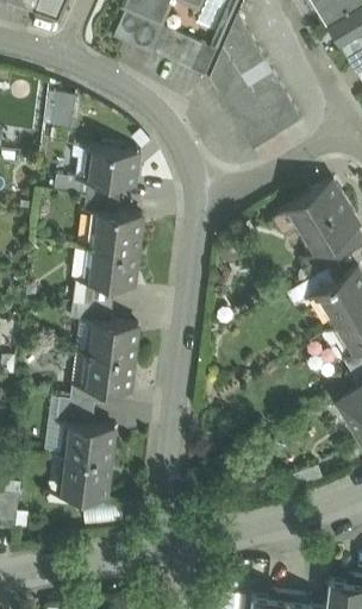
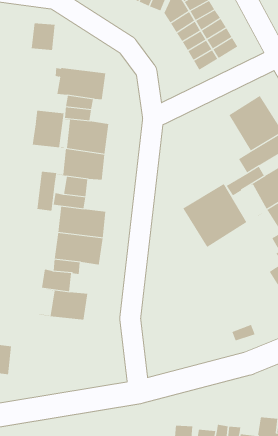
building: none -> [32,110,64,148]
building: none -> [37,171,57,211]
building: none -> [183,183,247,248]
building: [63,456,110,498] -> none

